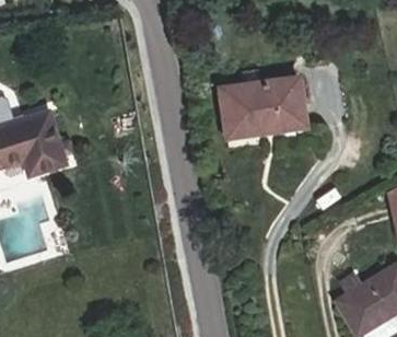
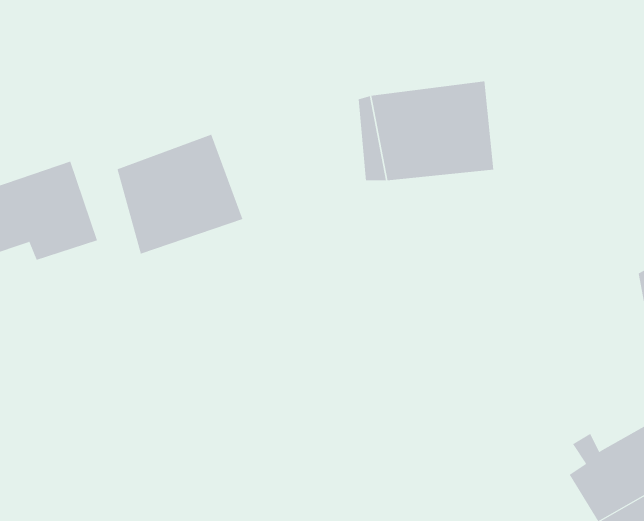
building: none -> [117,134,243,254]

